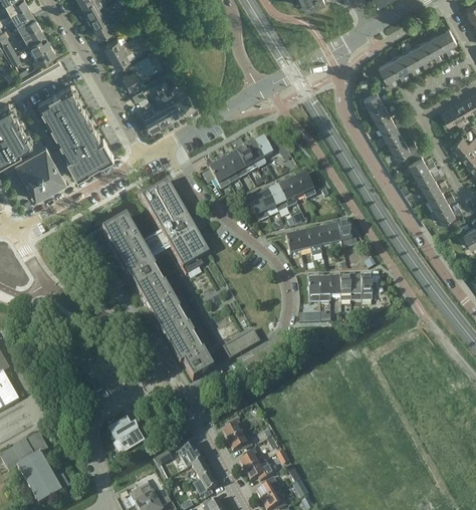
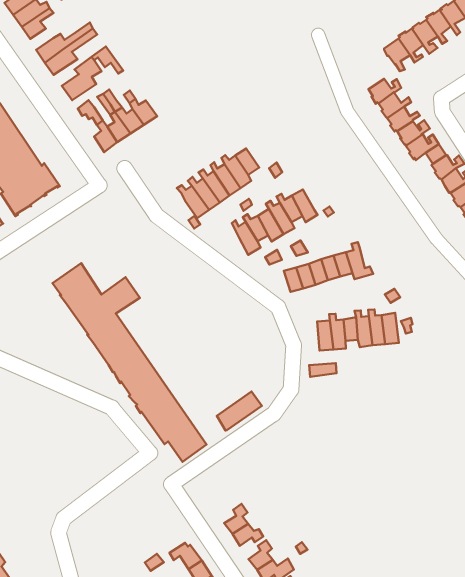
building: [141,182,209,268] -> none
building: [108,418,142,450] -> none

